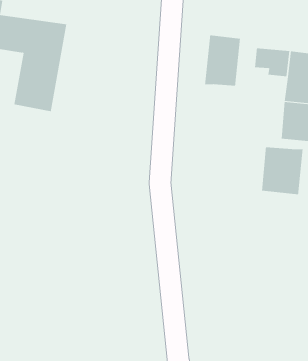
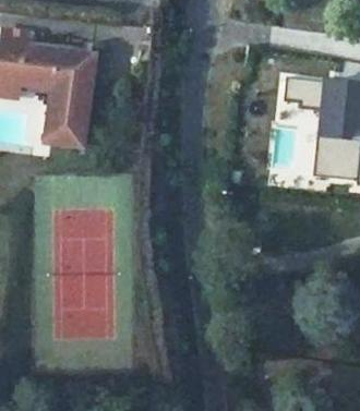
building: [205,34,241,87] -> none
building: [261,147,303,195] -> none

